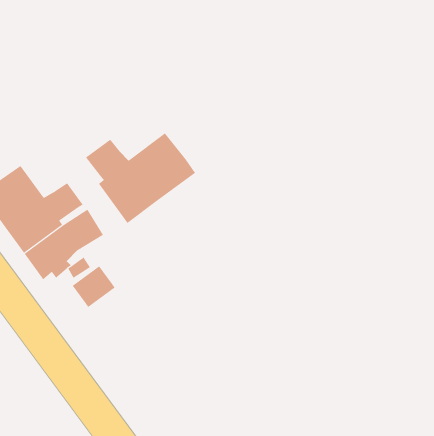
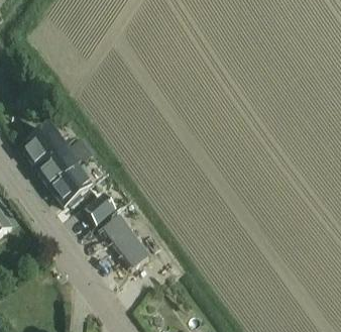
building: [85,133,196,224] -> none
building: none -> [102,217,148,269]

